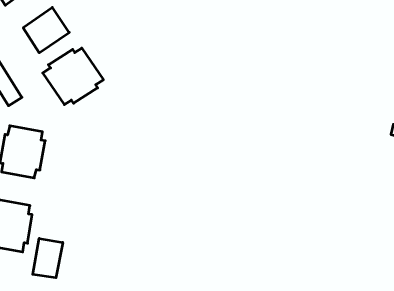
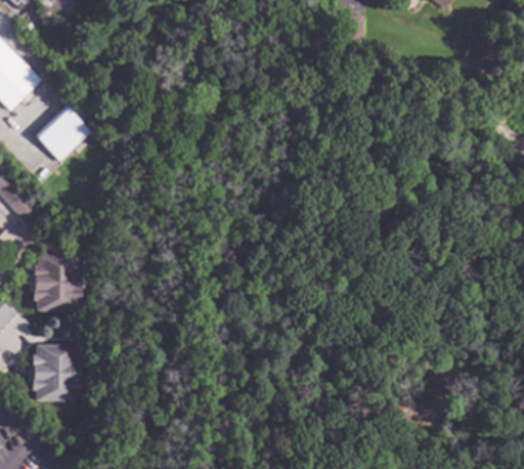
building: [43,48,103,105] -> none
building: [33,238,63,278] -> none

